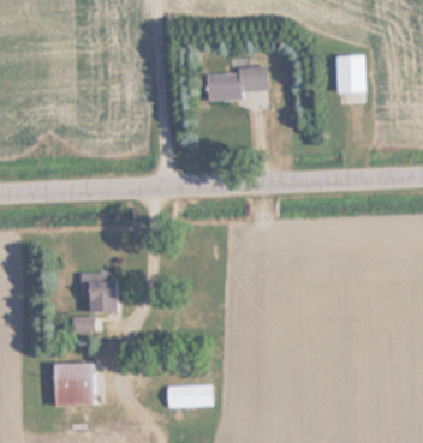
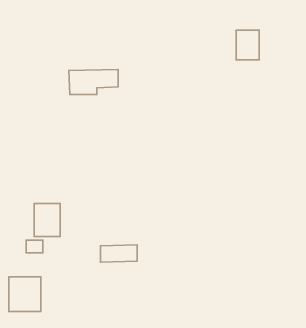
building: [208,70,269,101] -> [69,70,118,95]
building: [167,387,213,408] -> [101,245,137,262]

